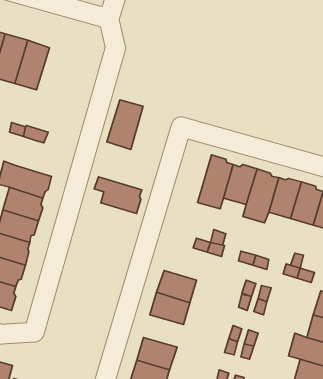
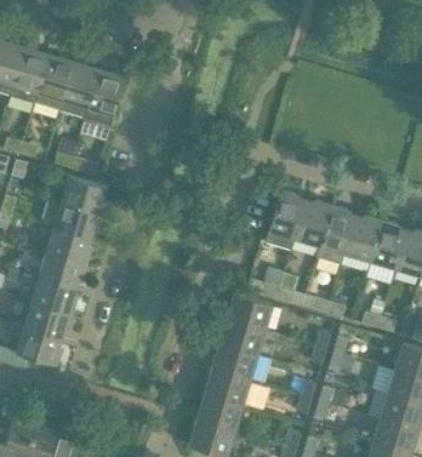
building: [107,100,143,149] -> [85,69,125,125]
building: [94,177,142,214] -> [55,172,108,213]
building: none -> [228,292,273,330]
building: none -> [205,369,250,405]

